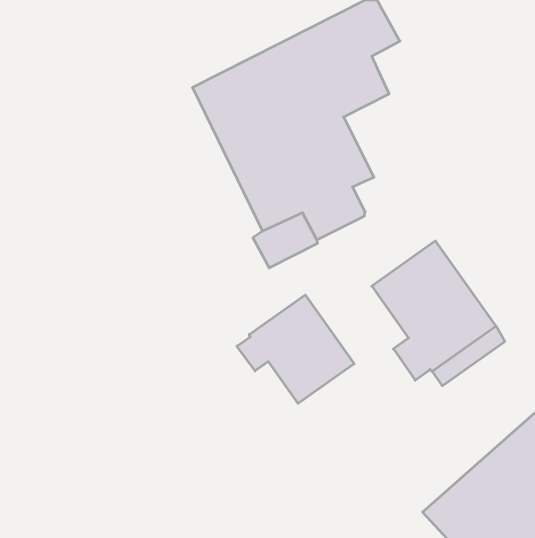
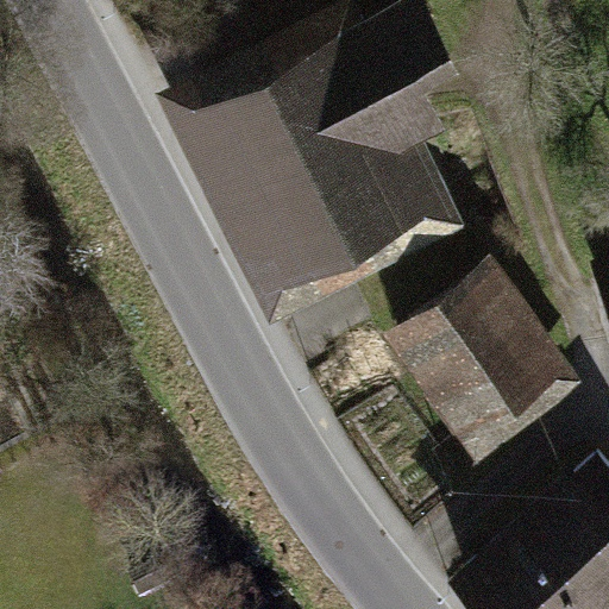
building: [237,295,354,403] -> none

